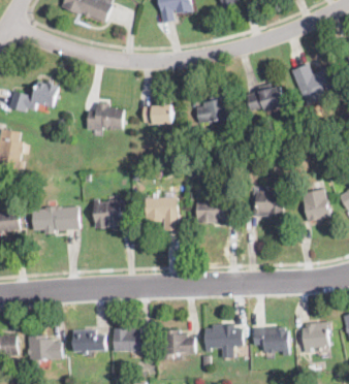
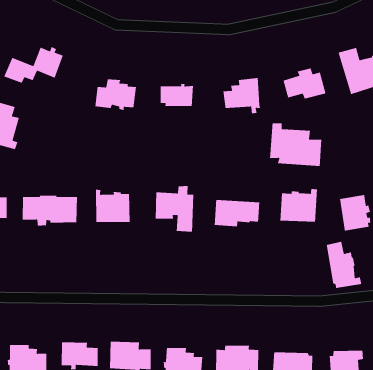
building: none -> [269,123,322,167]
building: none -> [326,241,362,289]

